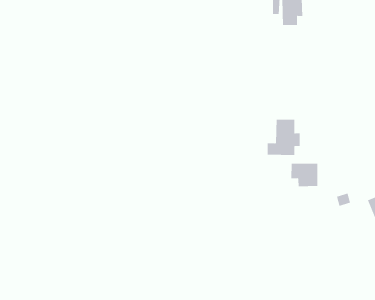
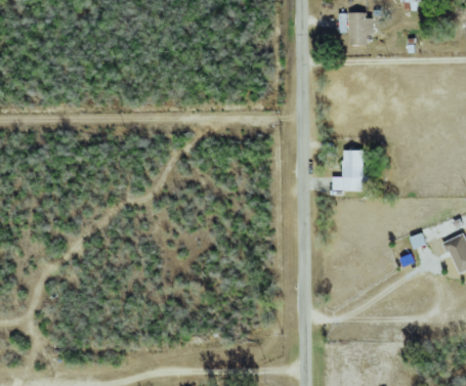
building: [291,163,318,187] -> none

